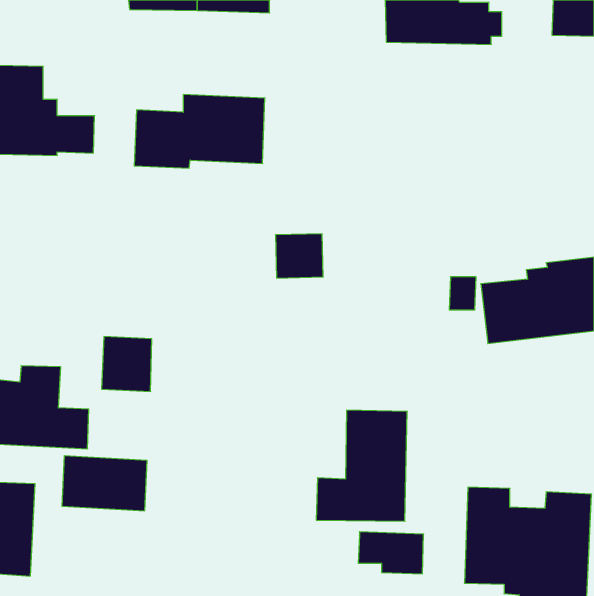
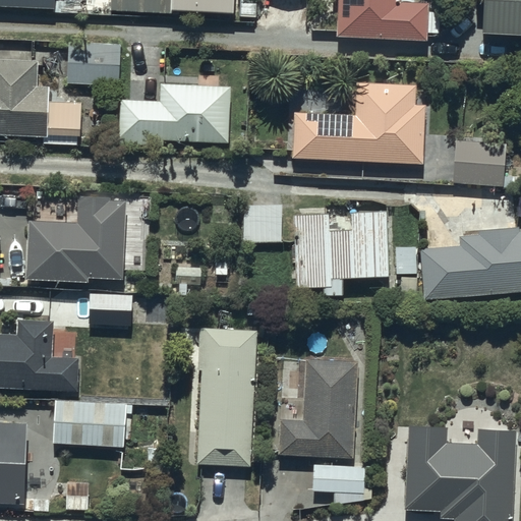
building: none -> [68,42,121,84]
building: none -> [292,81,424,164]
building: none -> [452,140,505,186]
building: none -> [28,195,126,281]
building: none -> [292,210,389,297]
building: none -> [197,328,254,464]

